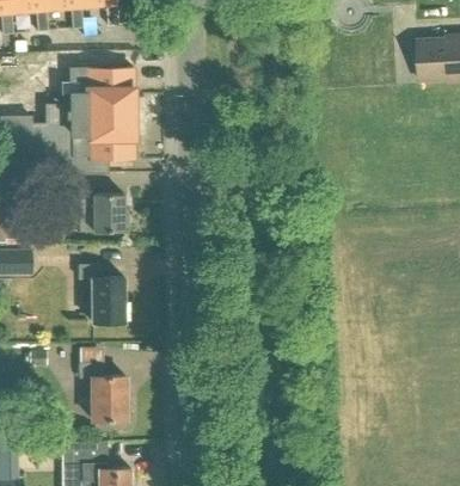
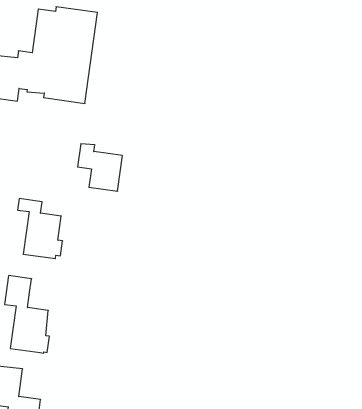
building: [78,187,122,232] -> [78,144,122,191]

